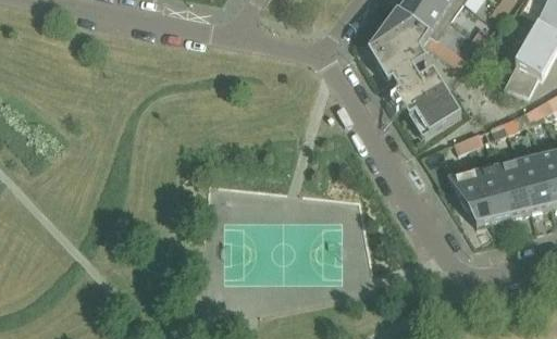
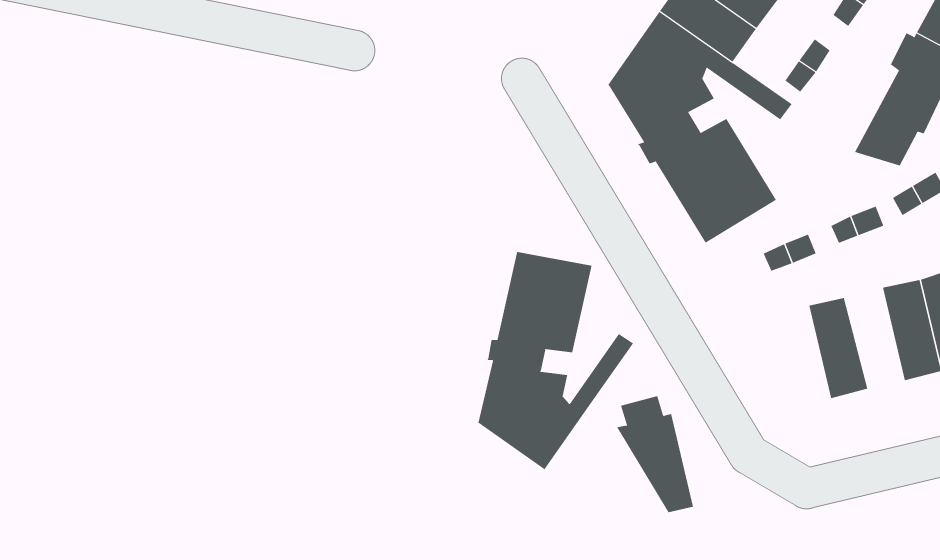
building: none -> [478,251,634,470]
building: [449,159,492,223] -> [616,395,694,513]
building: [499,159,532,214] -> none

